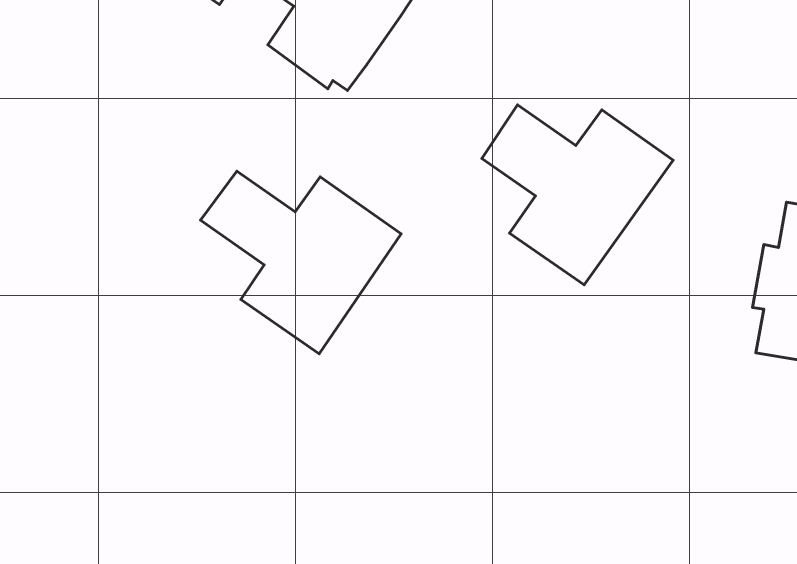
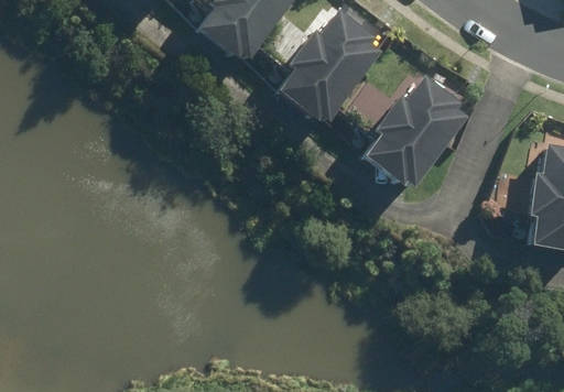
building: none -> [264,7,388,123]
building: [201,171,401,354] -> none

